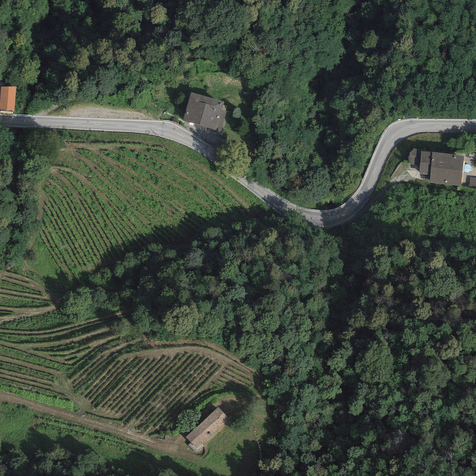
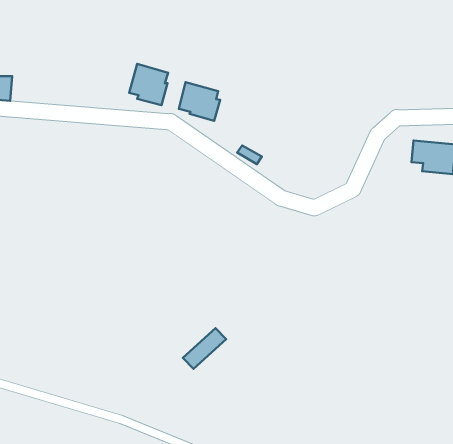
building: none -> [129,64,168,105]
building: [185,407,229,448] -> [183,328,226,369]

